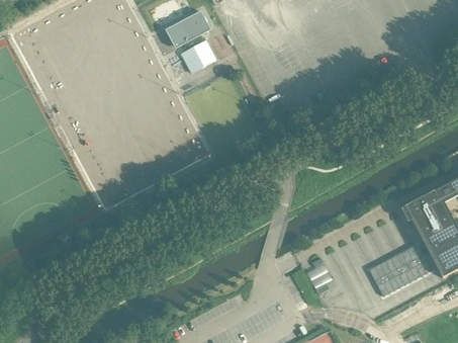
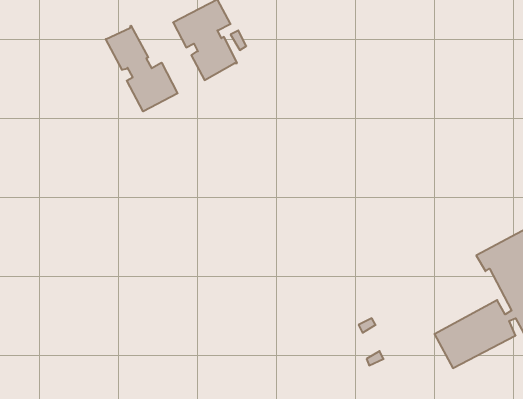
building: none -> [106,26,178,111]

